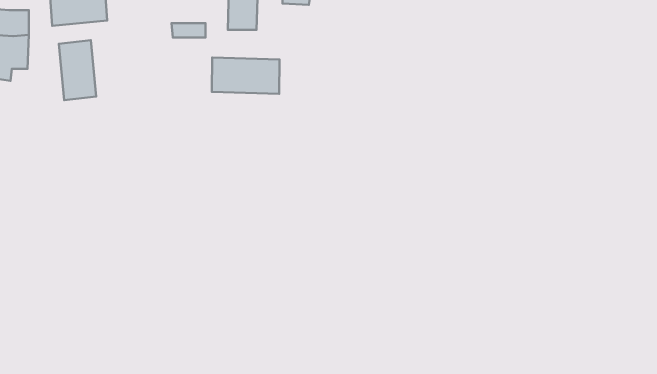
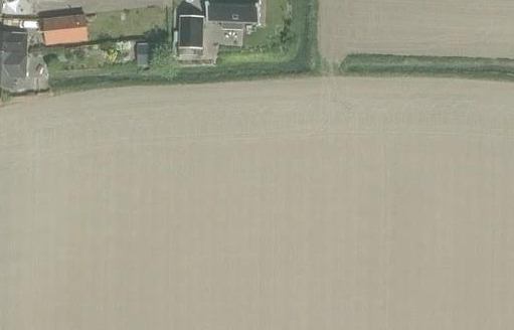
building: [59,40,96,100] -> none
building: [212,58,279,94] -> none

